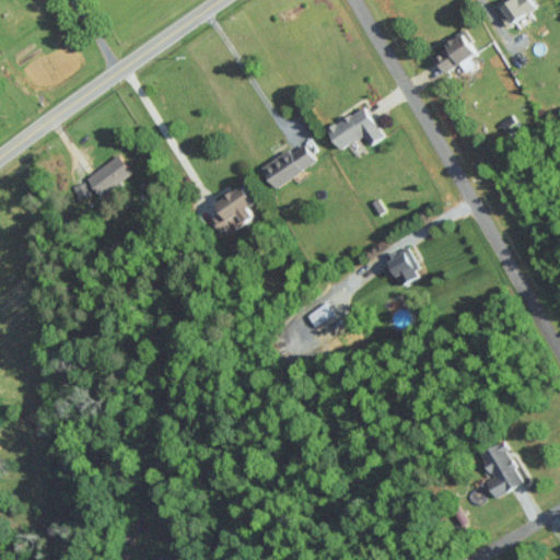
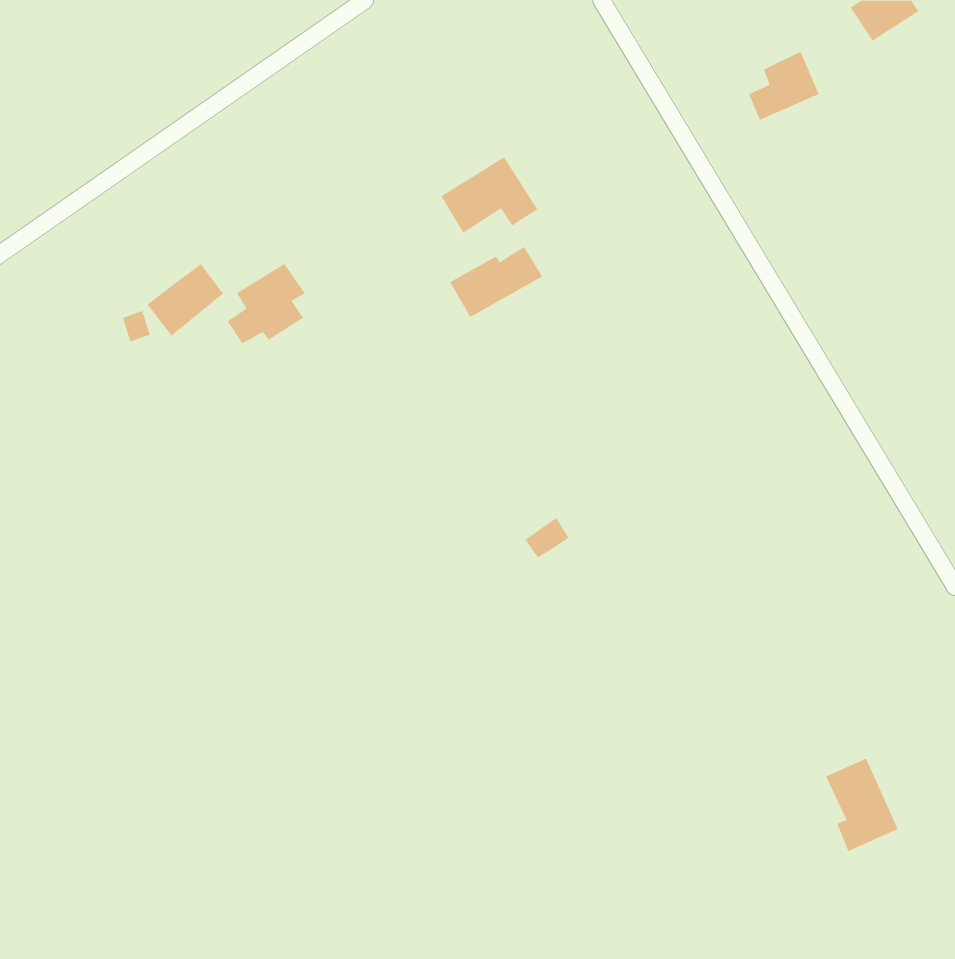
building: [327,105,384,150] -> [440,157,538,234]
building: [210,185,256,232] -> [227,263,306,344]
building: [386,246,420,285] -> none

